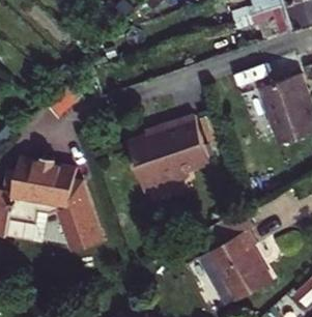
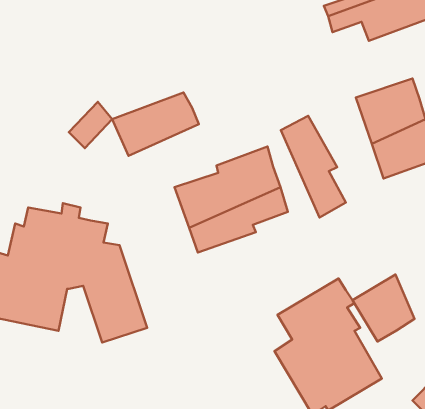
building: none -> [112,93,199,156]
building: none -> [281,116,346,218]
building: none -> [352,275,415,341]

